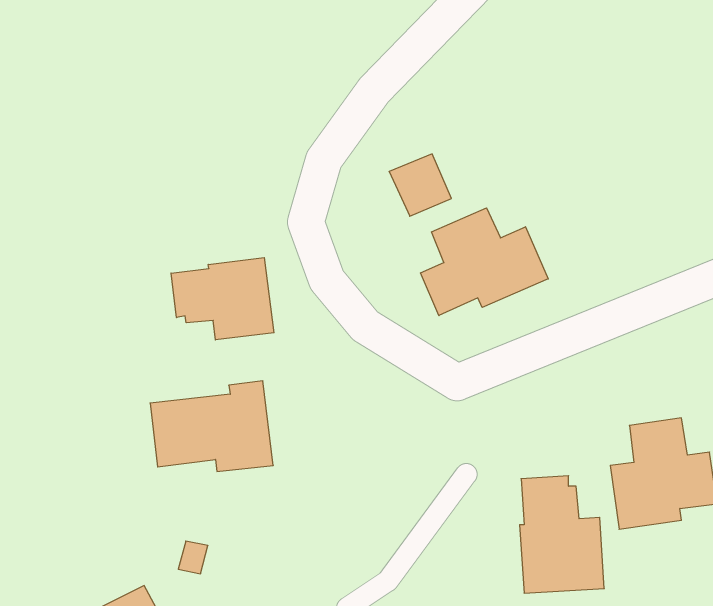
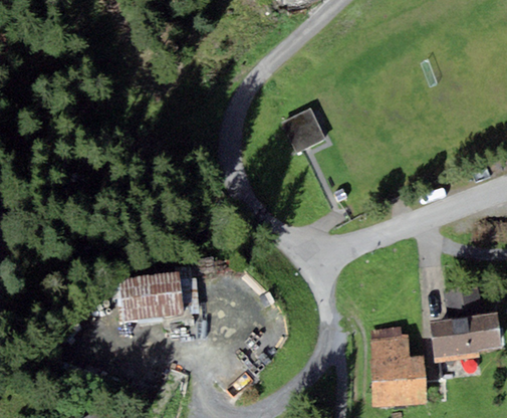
building: [420,208,548,316] -> none
building: [171,258,274,340] -> none

